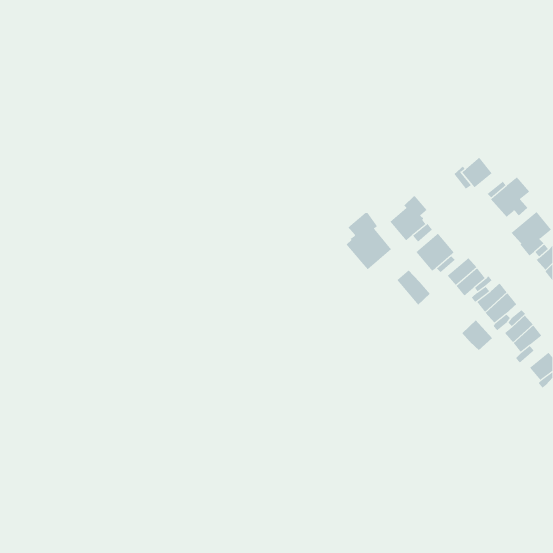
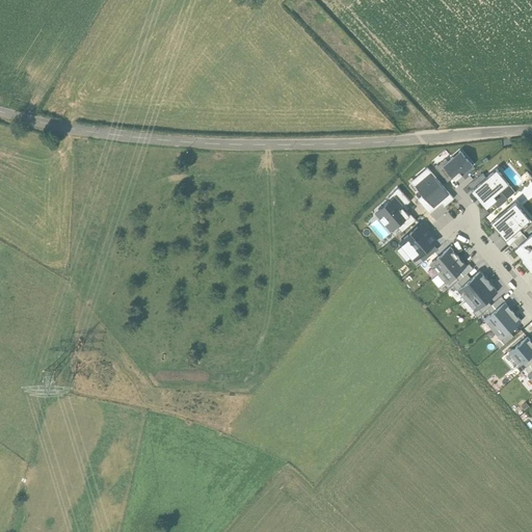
building: none -> [410,168,453,214]
building: [346,212,392,270] -> none
building: [396,270,430,305] -> none
building: [462,319,493,351] -> none

